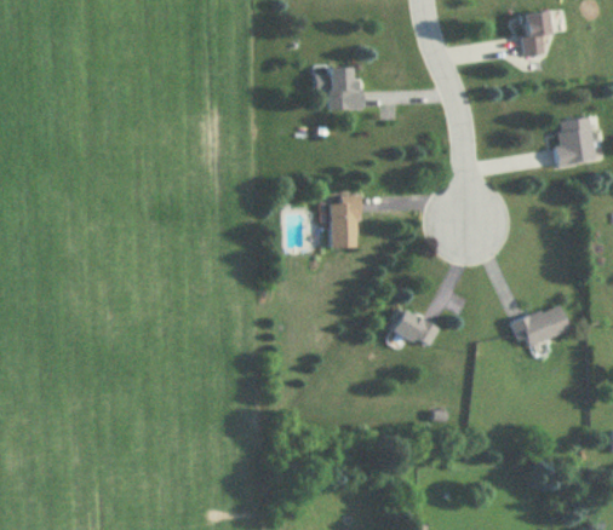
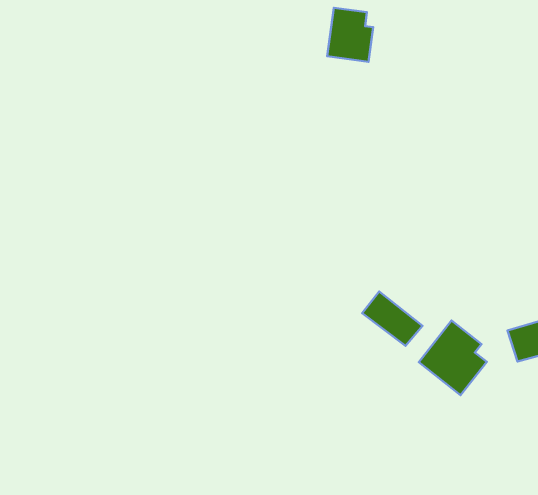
building: [331,196,359,247] -> none
building: none -> [419,320,487,395]

